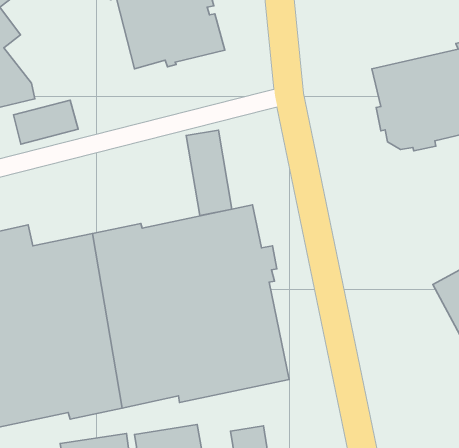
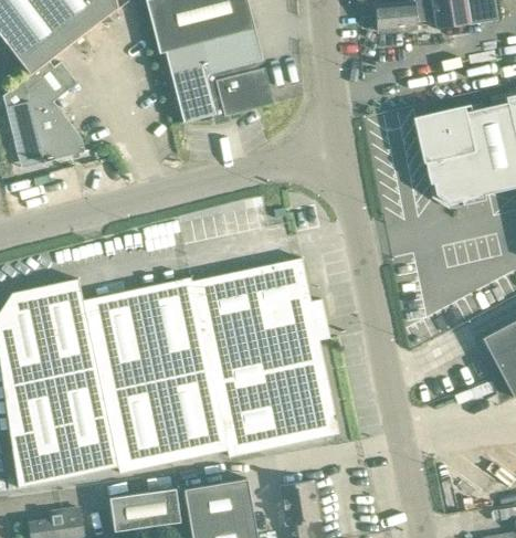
building: [13,100,78,144] -> none
building: [186,130,232,216] -> none

